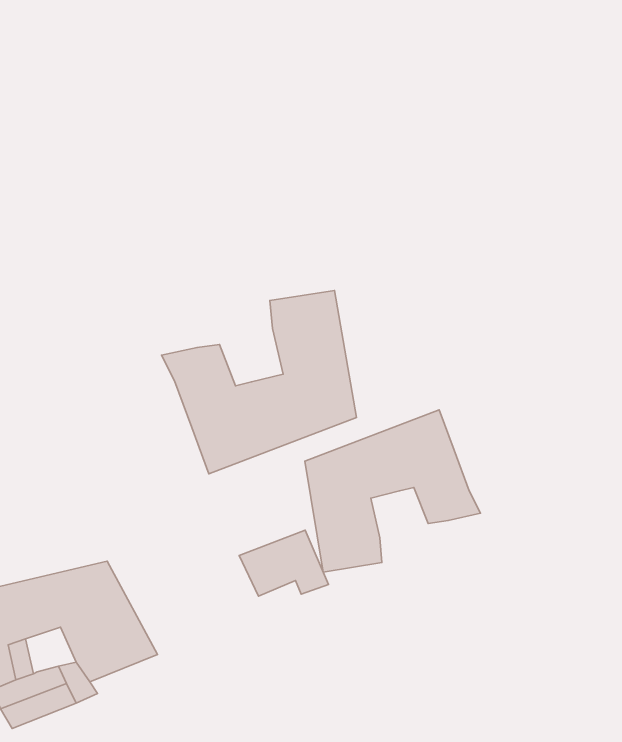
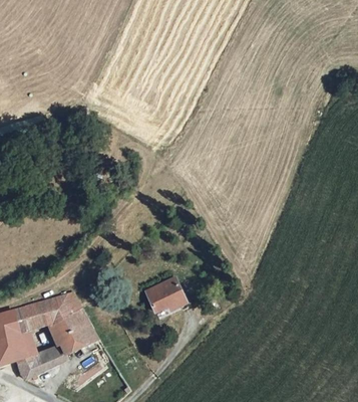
building: [162,290,356,474] -> none
building: [305,410,481,572] -> none

